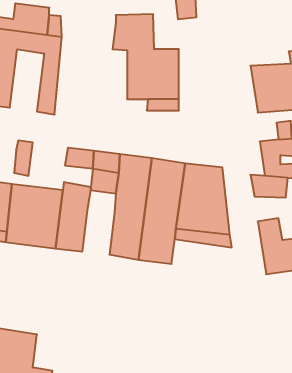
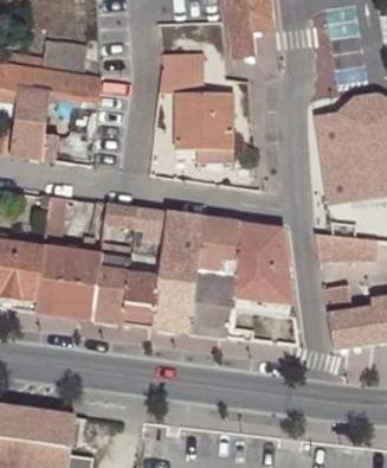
building: none -> [124,273,161,326]

